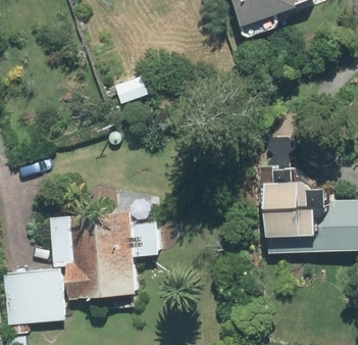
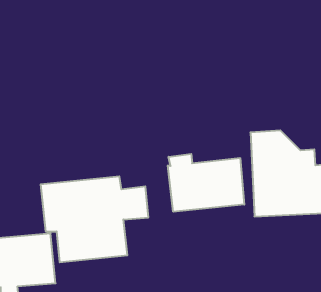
building: none -> [168,154,244,212]

